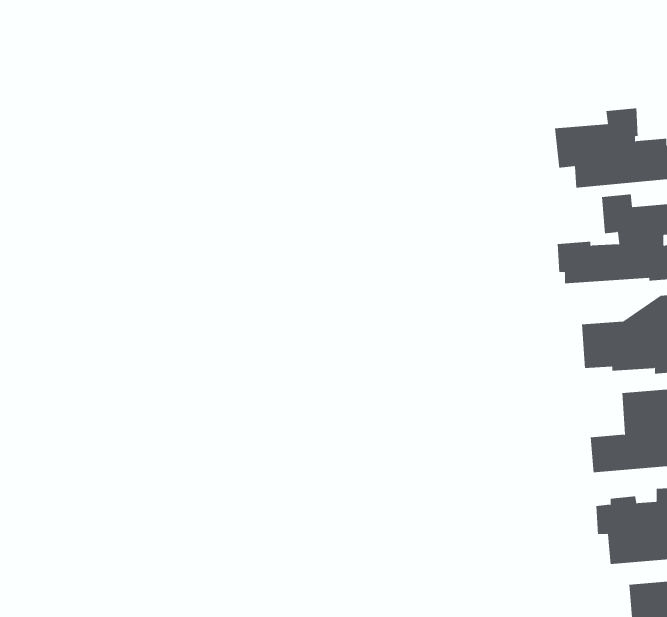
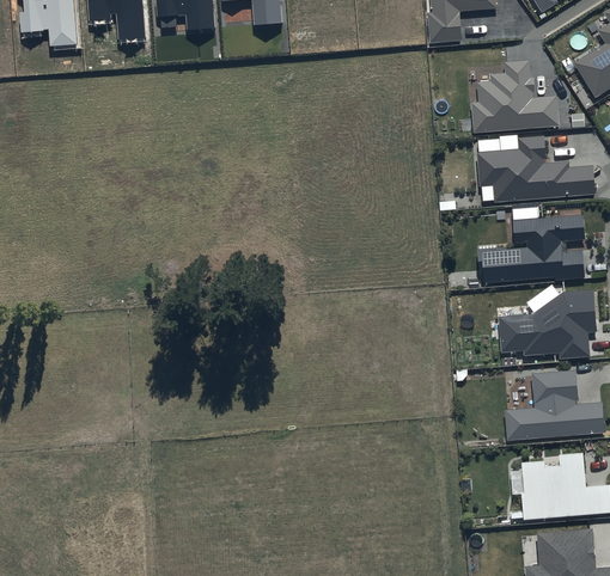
building: none -> [465,54,560,129]

